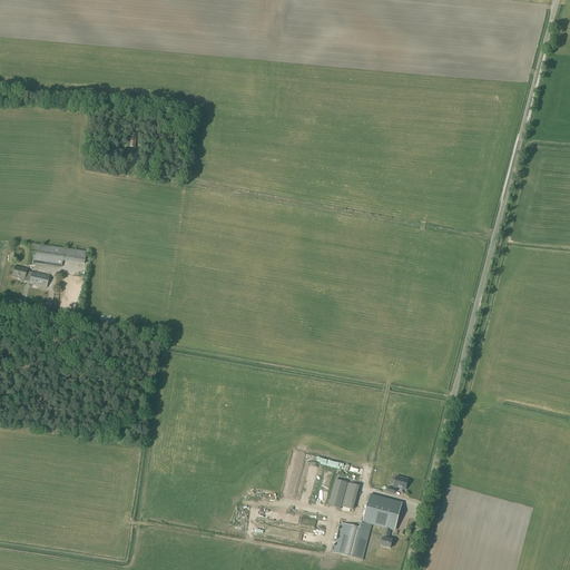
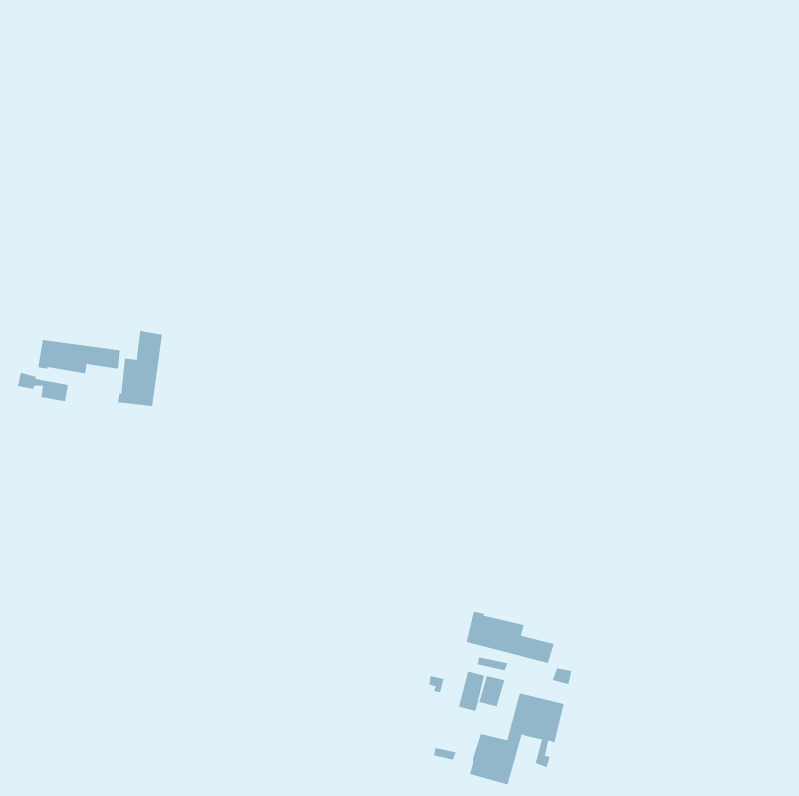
building: none -> [118,330,163,407]
building: none -> [466,611,555,664]

